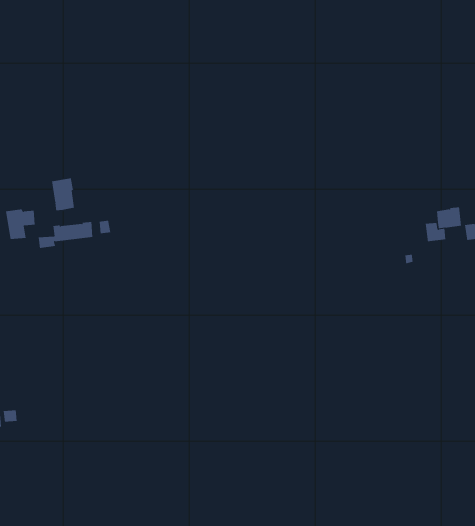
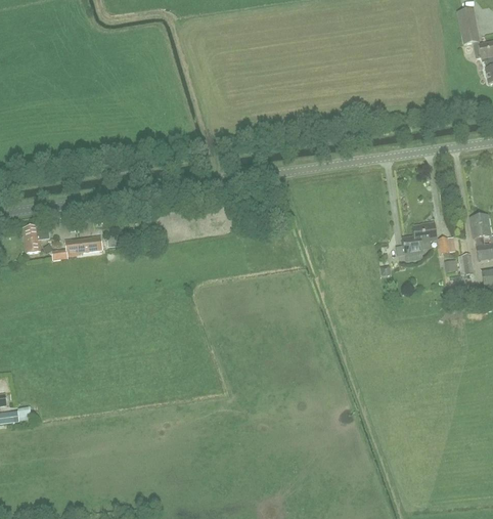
building: [52,177,74,211] -> none

